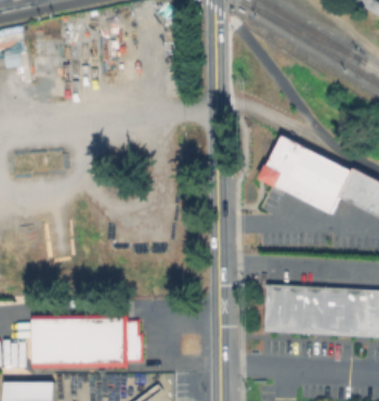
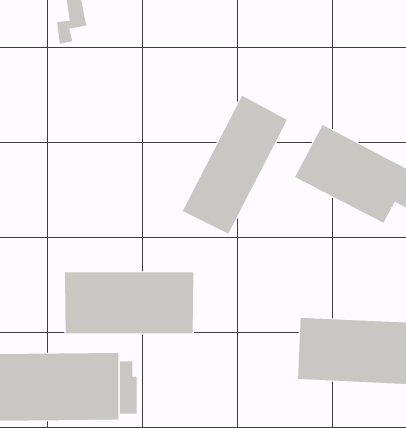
building: none -> [182,95,288,235]
building: none -> [65,272,194,334]

